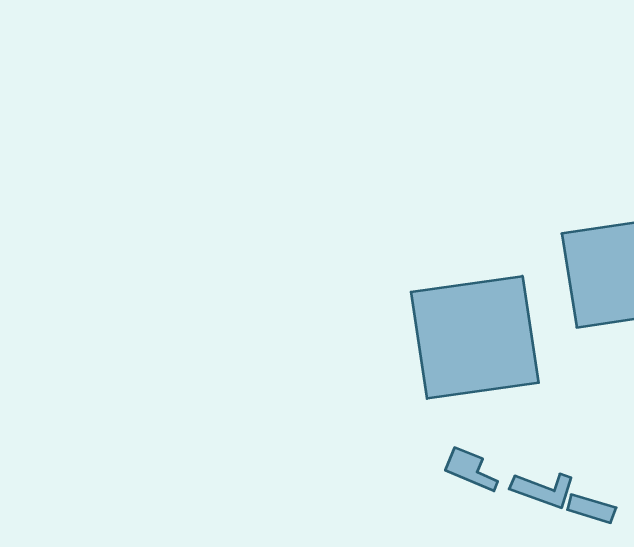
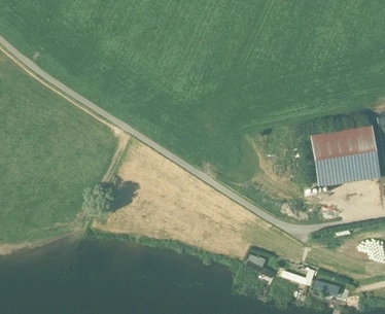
building: [411,276,539,399] -> none

